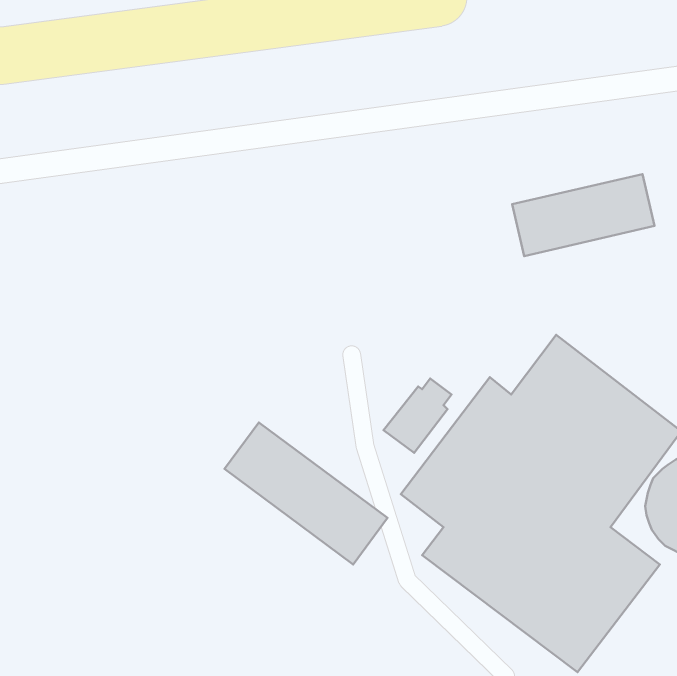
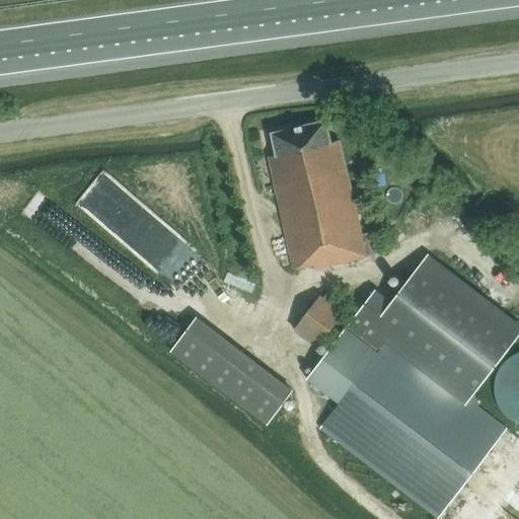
building: none -> [268,120,383,269]
building: [512,174,655,256] -> none

